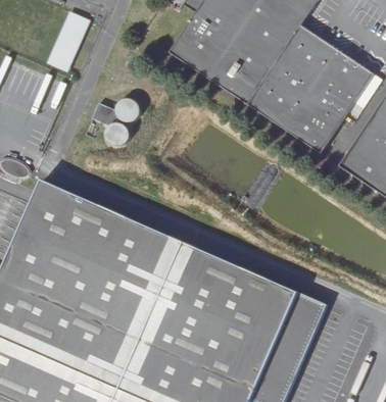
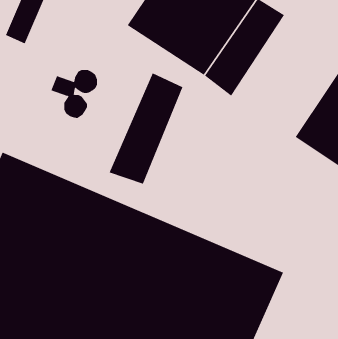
building: [275,43,373,153] -> none
building: none -> [109,73,183,184]

